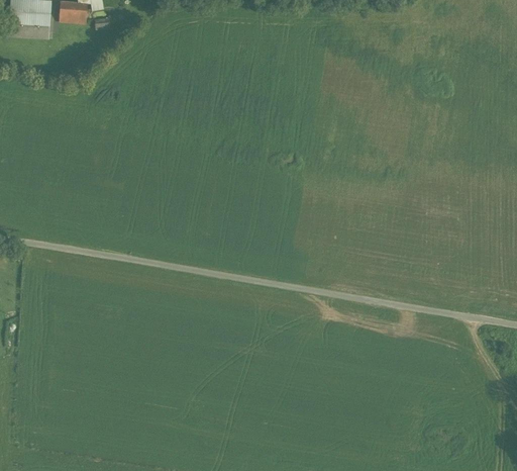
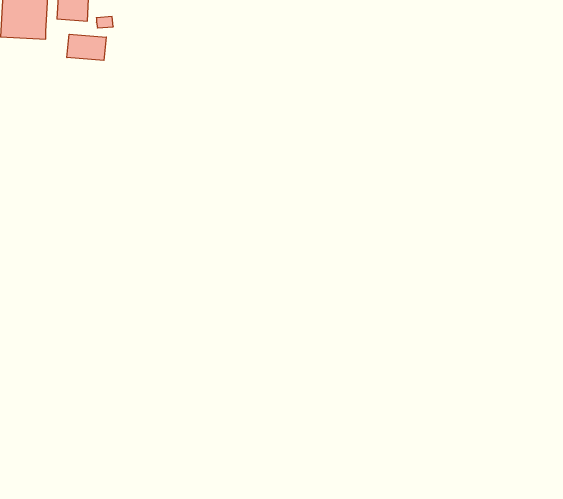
building: none -> [67,34,106,60]

